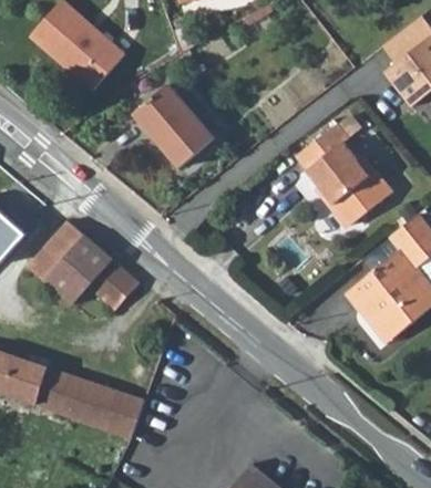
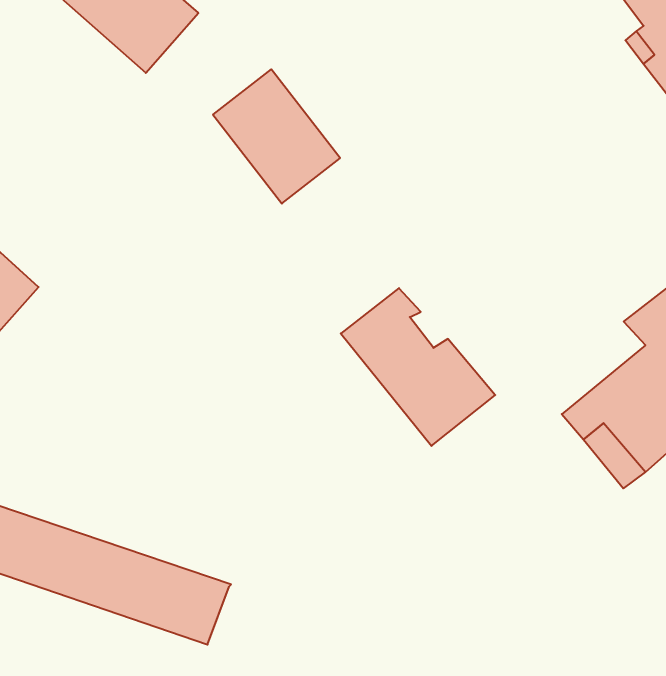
building: [288,129,382,226] -> [341,288,495,446]
building: [30,226,138,309] -> none

